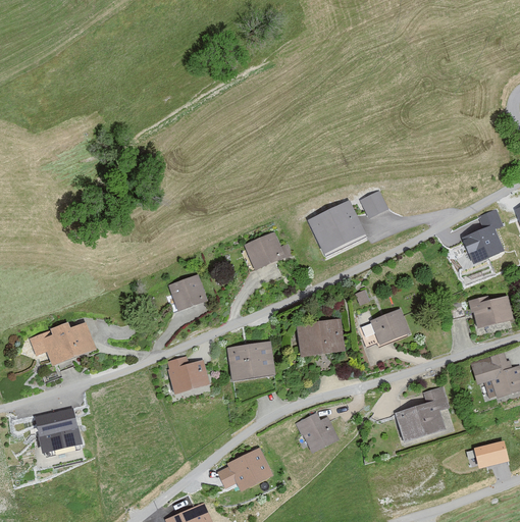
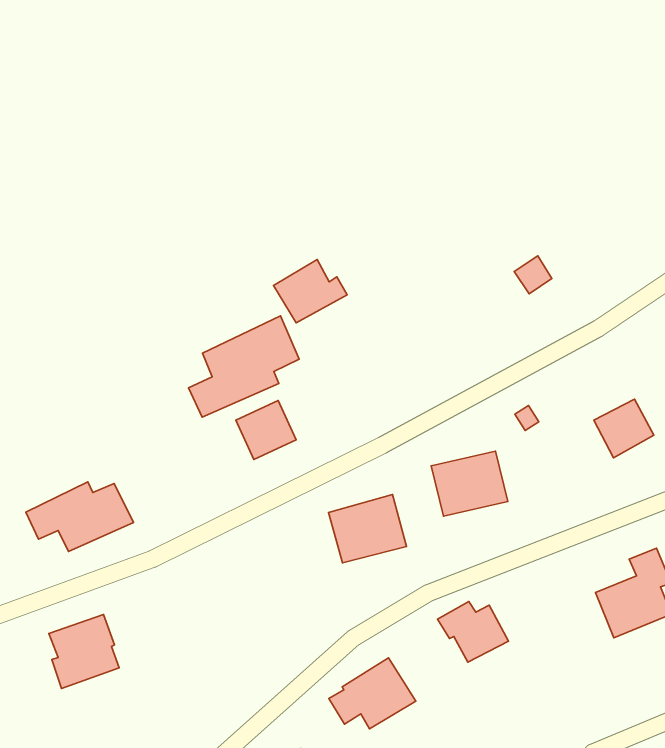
building: [307,201,360,250] -> none
building: none -> [189,316,299,417]
building: [243,229,291,270] -> [274,259,347,323]
building: [371,309,410,347] -> [594,399,654,458]
building: [168,356,212,397] -> none

